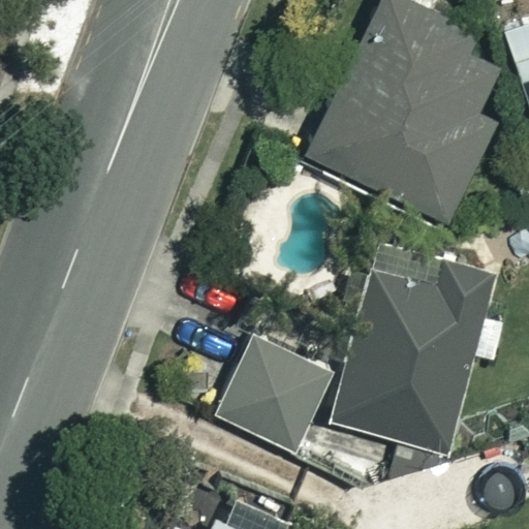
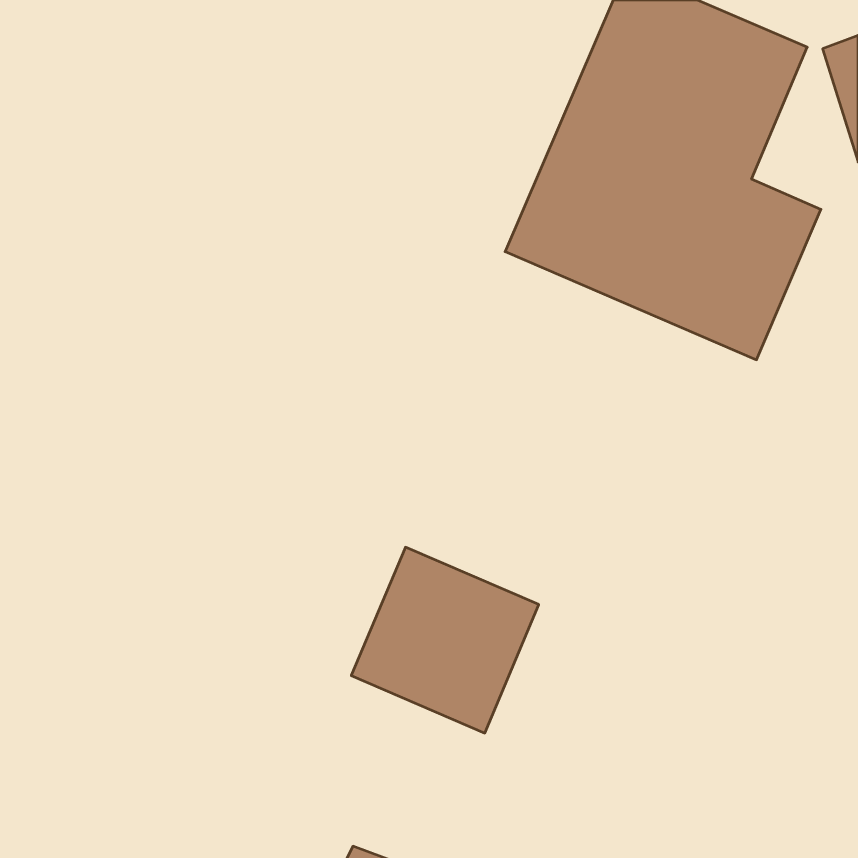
building: [335,252,490,444] -> none

